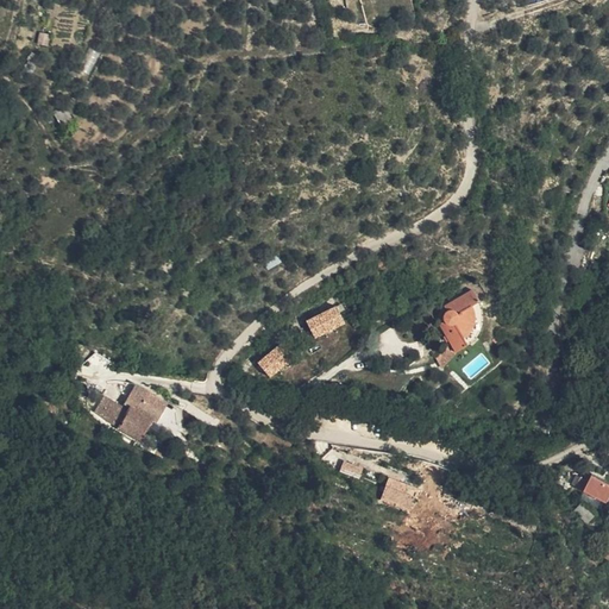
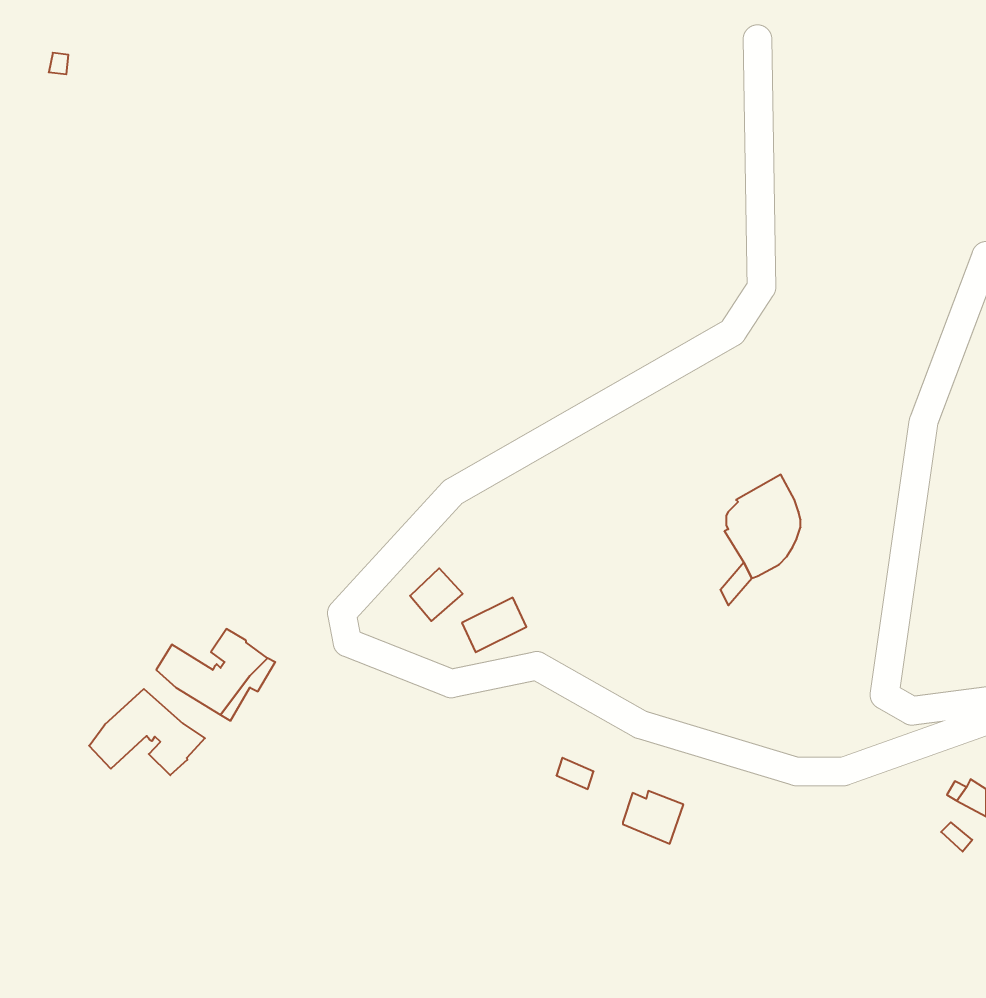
building: [299,306,338,339] -> [462,598,526,652]
building: none -> [89,689,205,775]

